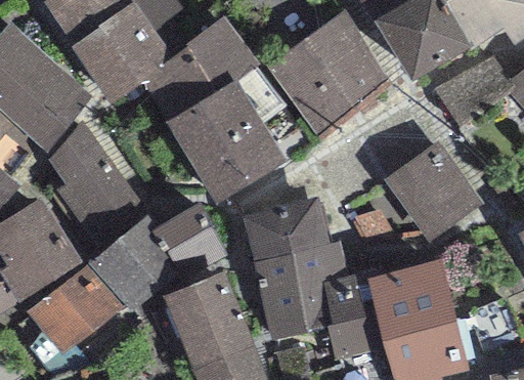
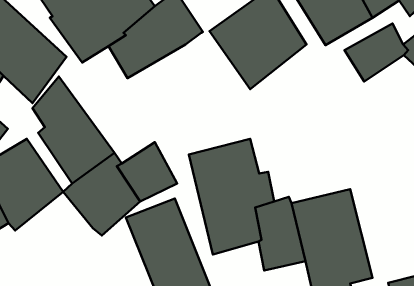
building: [166,66,286,205] -> none
building: [383,140,484,243] -> none
building: [27,262,123,355] -> none

